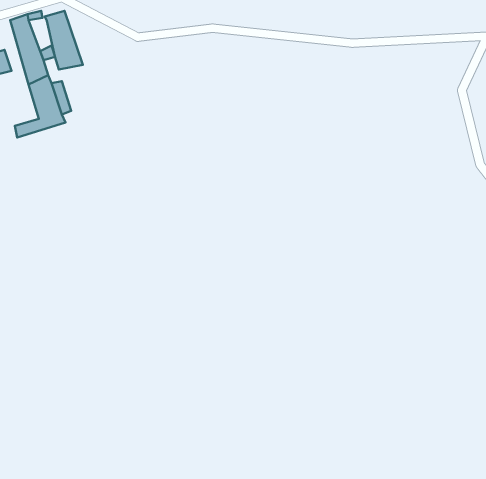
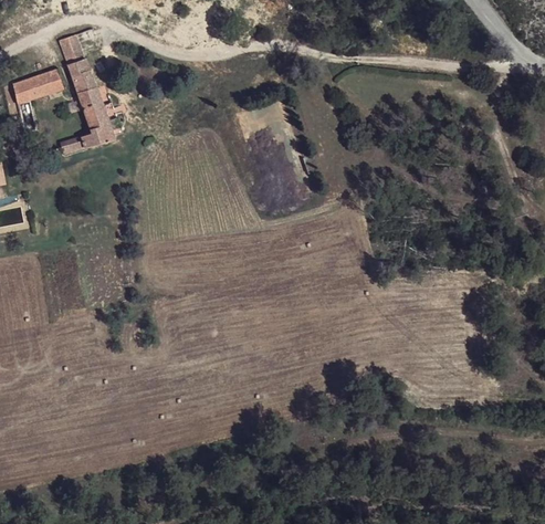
building: [45,11,83,69] -> none

